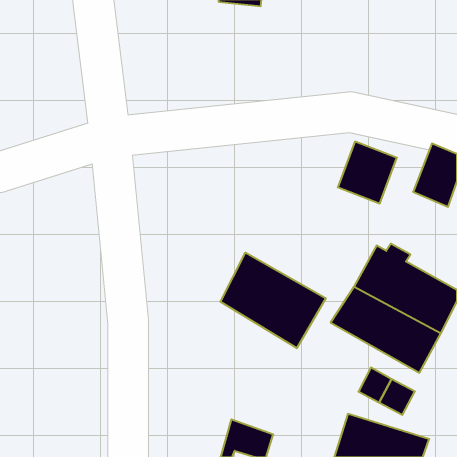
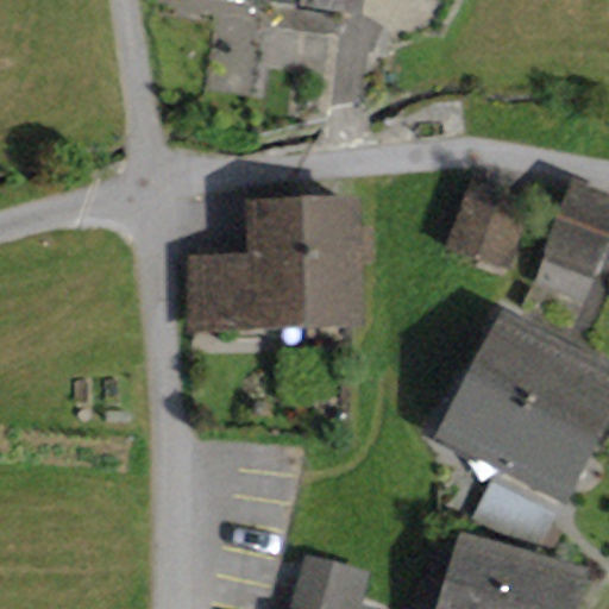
building: none -> [193,205,352,322]
building: [220,253,326,348] -> none

